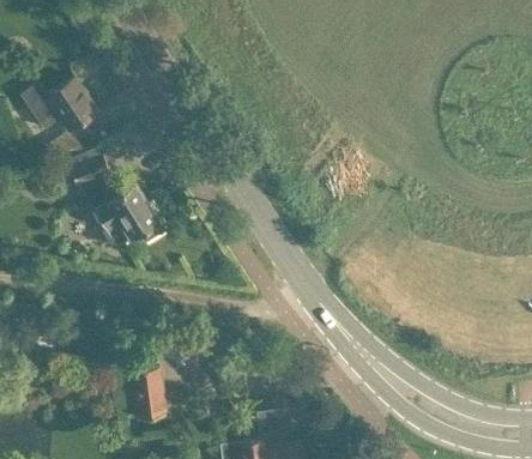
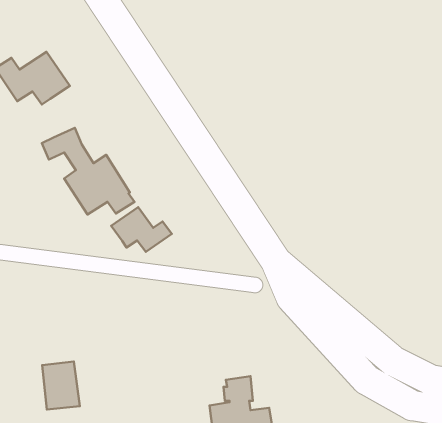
building: none -> [111,207,172,252]
building: [128,368,167,417] -> [42,362,80,410]

